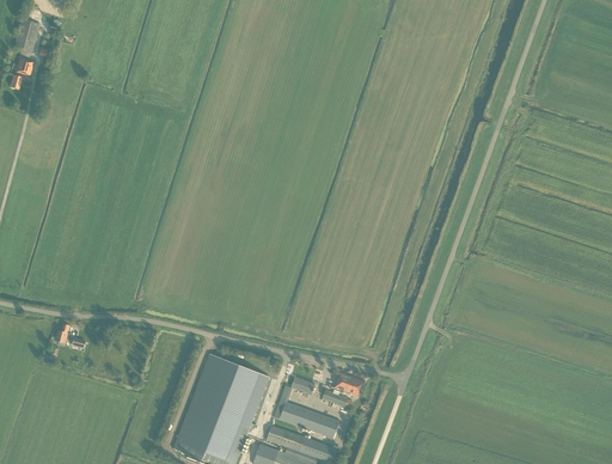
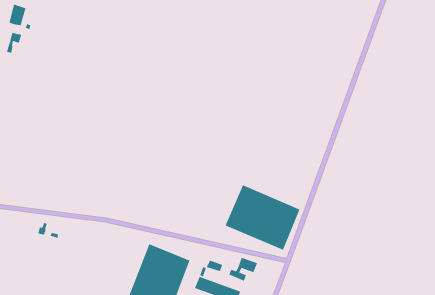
building: none -> [225,184,300,251]

